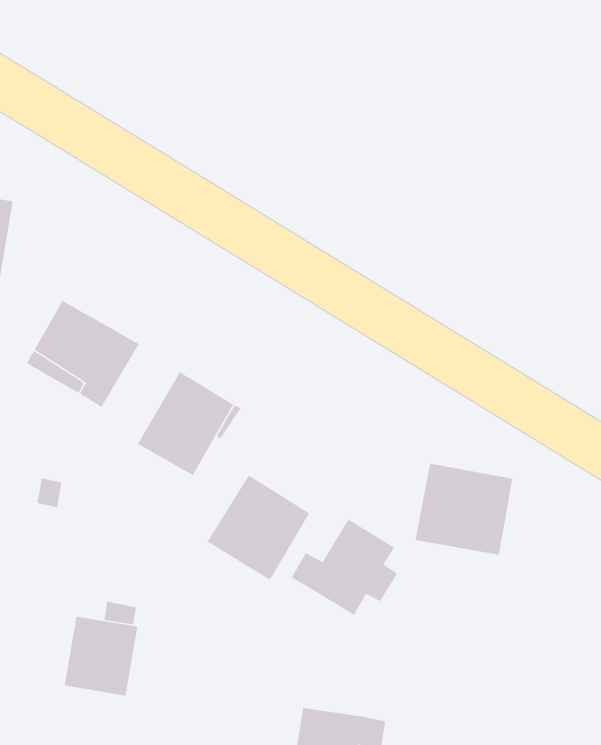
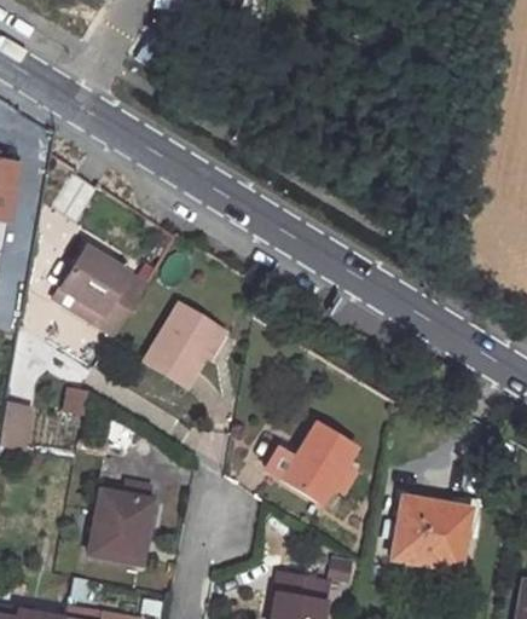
building: [414,463,513,556] -> [389,496,468,569]
building: [207,475,310,581] -> none

